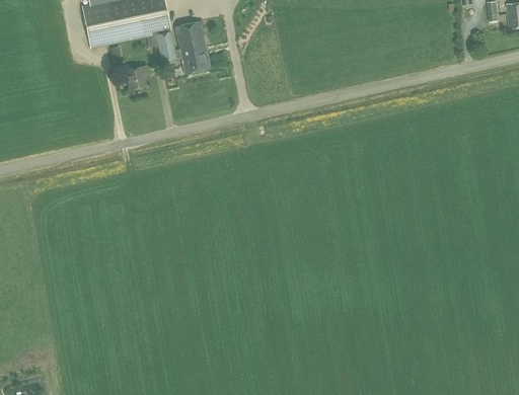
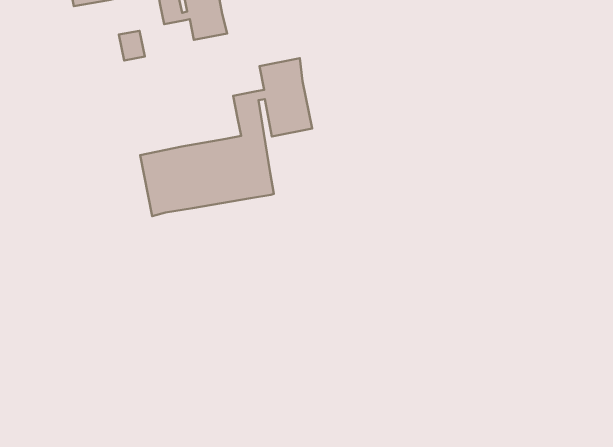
building: none -> [140,58,312,216]

